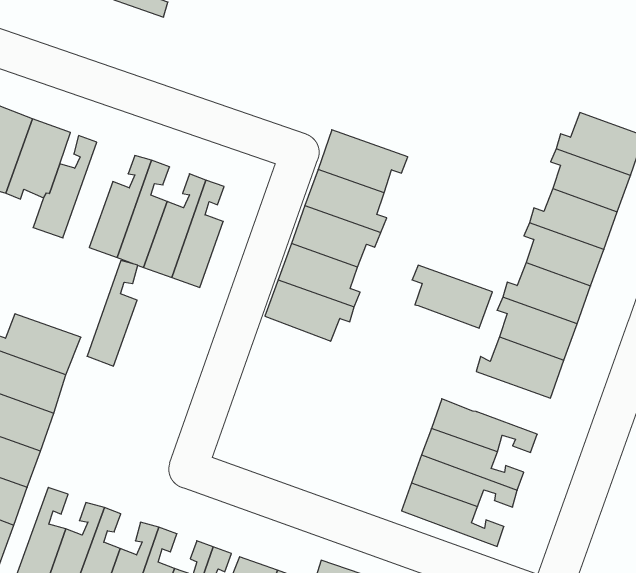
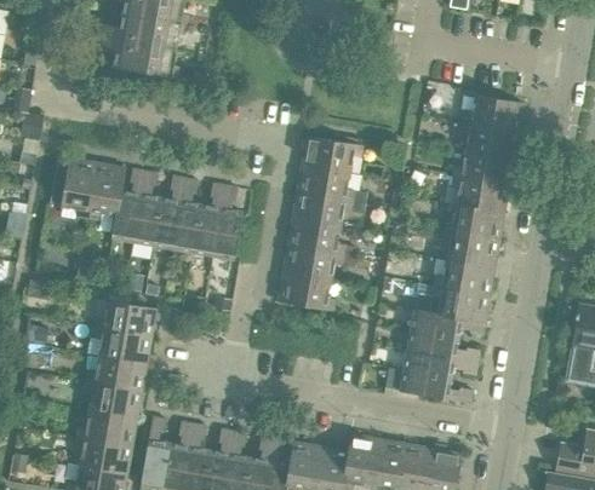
building: [87,261,138,366] -> [132,171,160,244]
building: [412,265,492,328] -> [431,284,488,321]
building: none -> [276,271,334,310]

